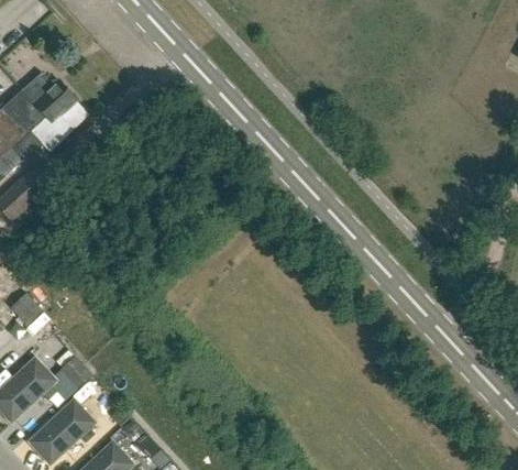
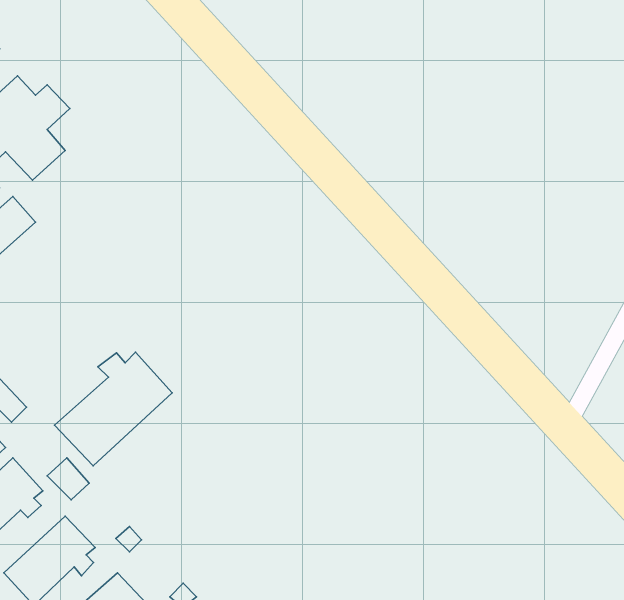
building: none -> [55,352,172,466]

